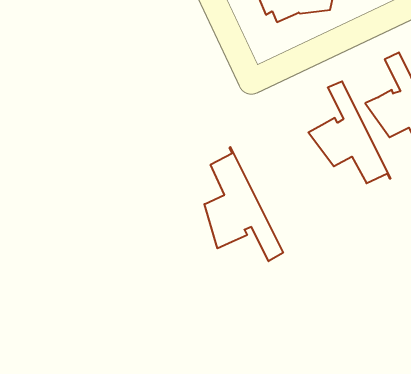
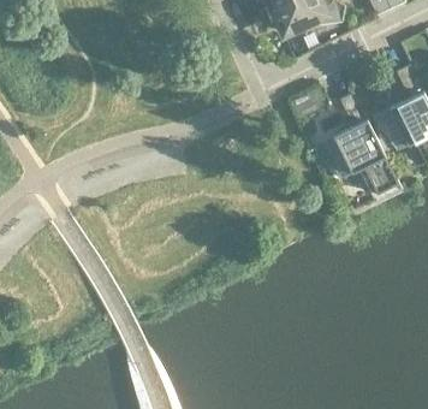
building: [204,147,283,261] -> none

